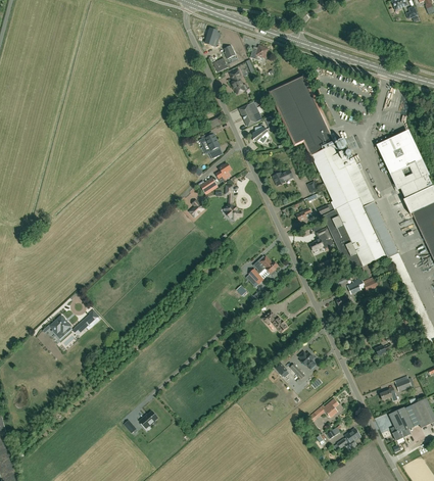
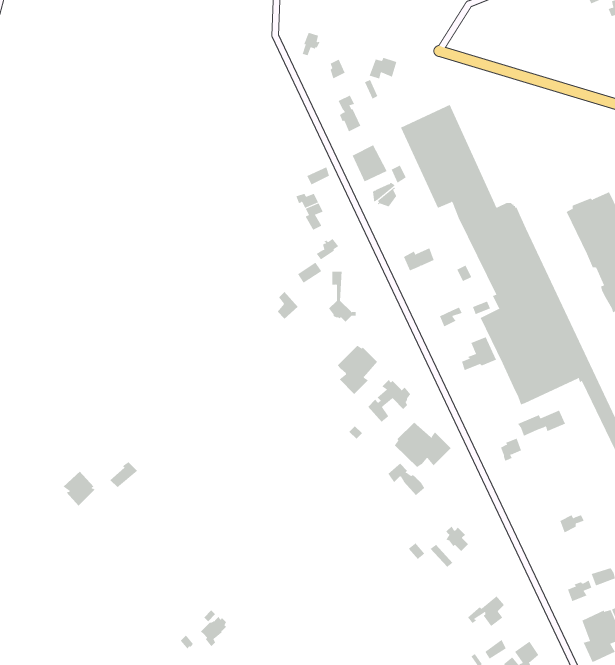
building: none -> [337,345,378,395]
building: none -> [394,422,451,468]

